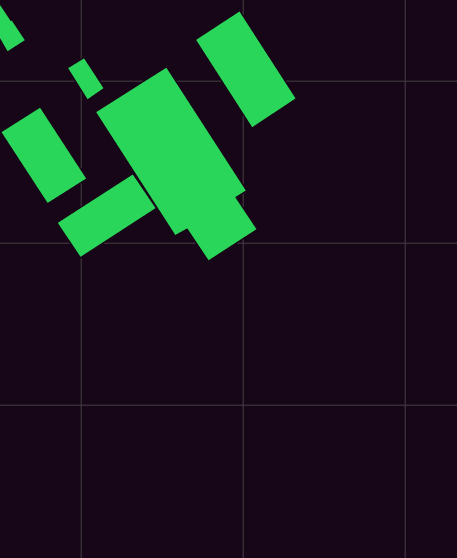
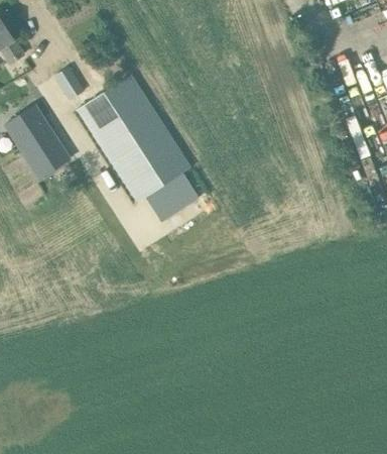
building: [195,10,297,128] -> none
building: [57,173,156,258] -> none

